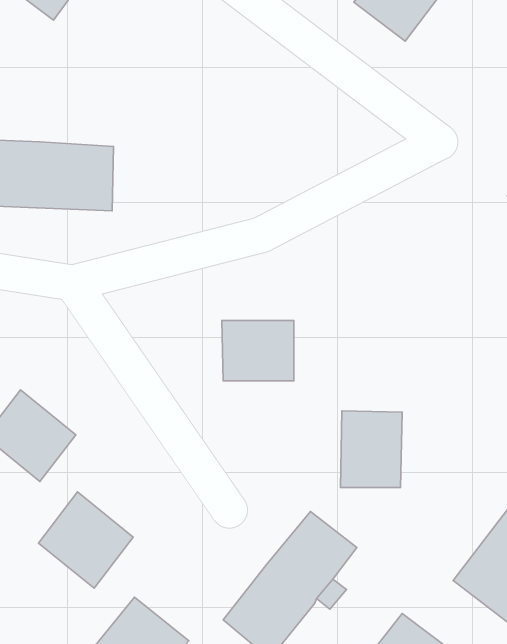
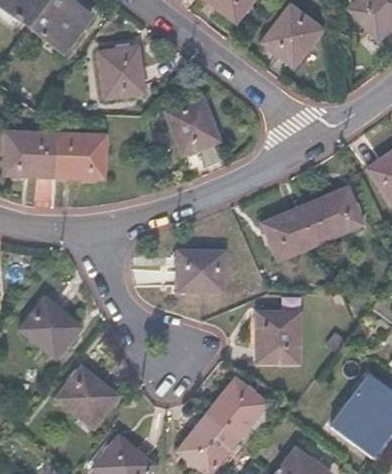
building: none -> [98,46,144,99]
building: none -> [164,98,220,156]
building: none -> [262,187,362,261]

